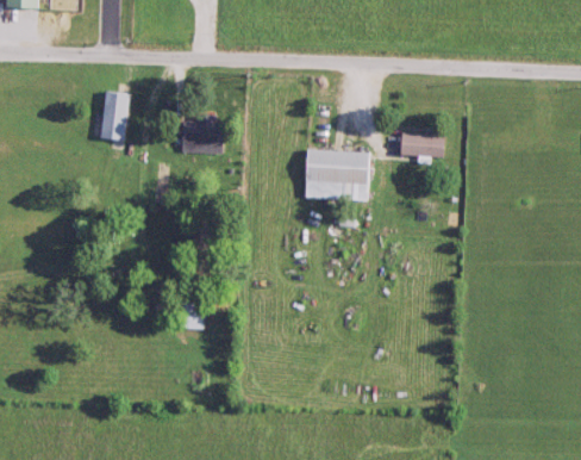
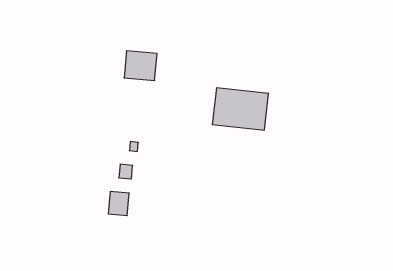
building: [100,89,131,139] -> none
building: [400,132,443,156] -> none

